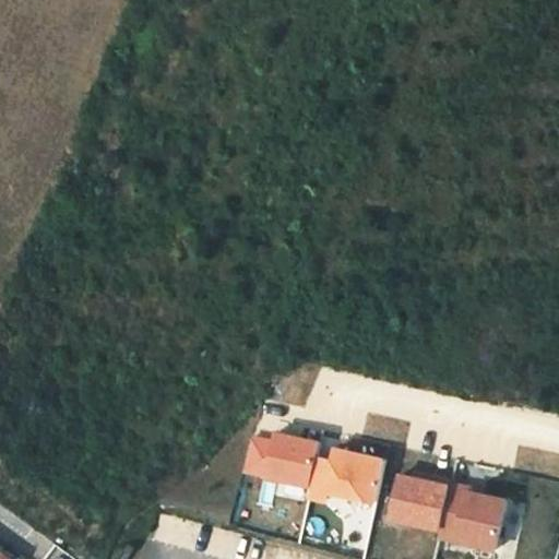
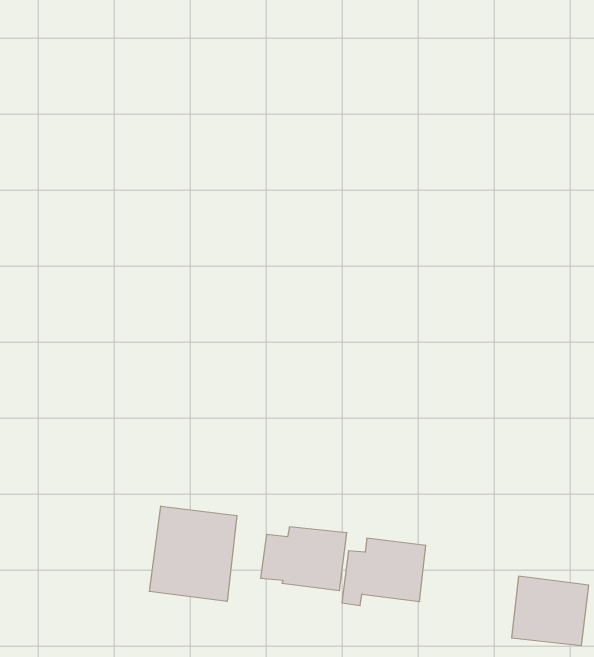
building: none -> [149,506,237,601]
building: [389,476,447,531] -> none

